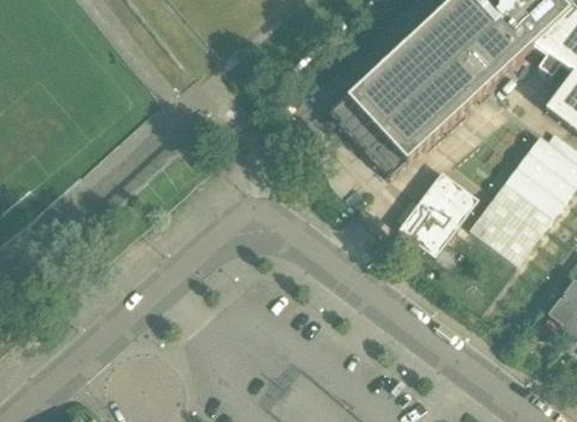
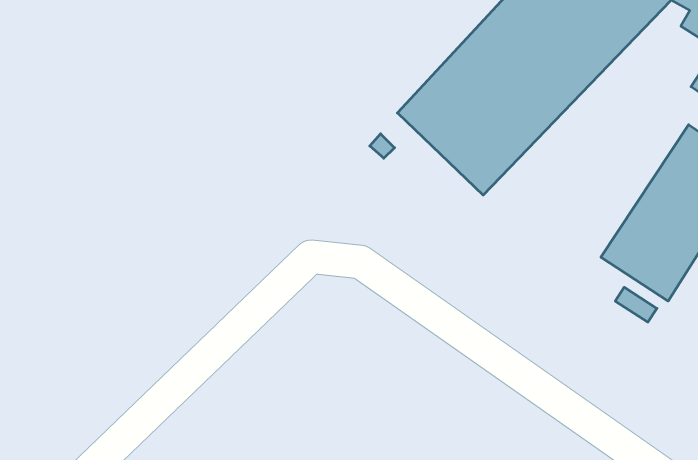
building: [395,172,476,258] -> none

